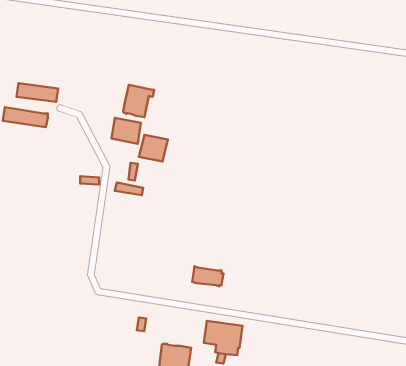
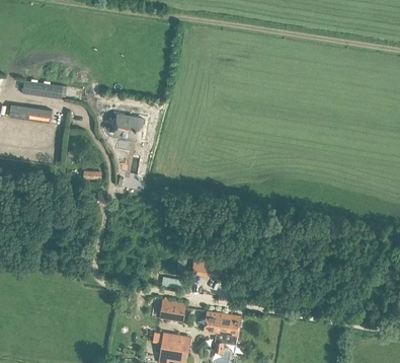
building: [123,85,154,117] -> none
building: [139,135,168,162] -> none
building: none -> [158,300,185,322]

